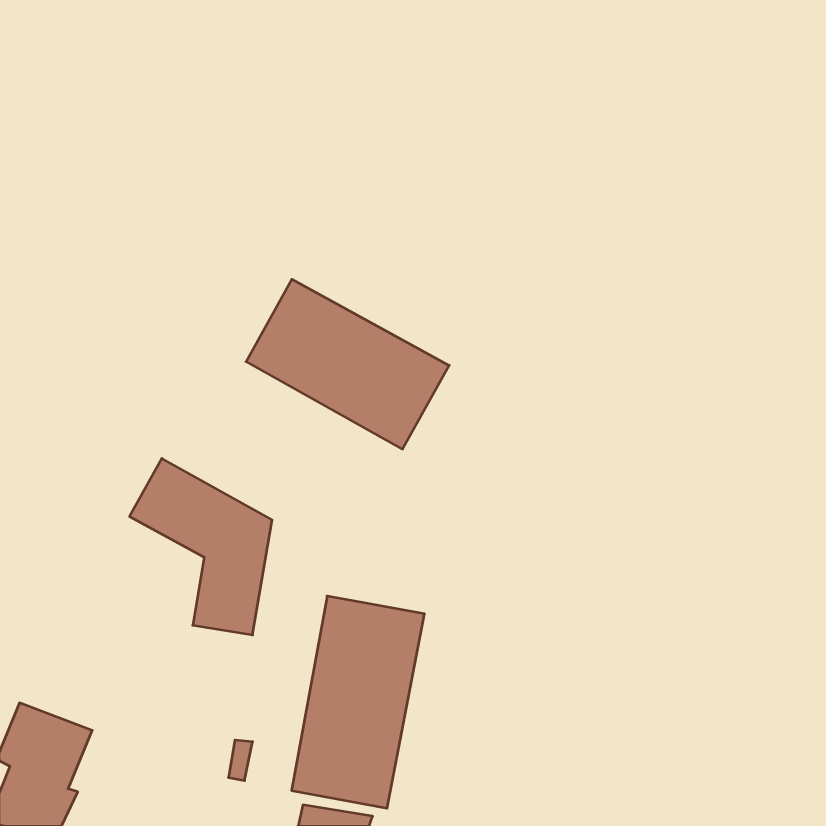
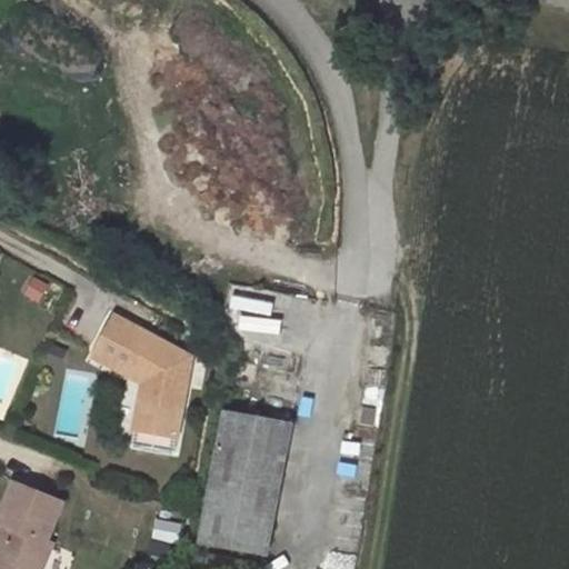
building: [246,279,449,449] -> none

